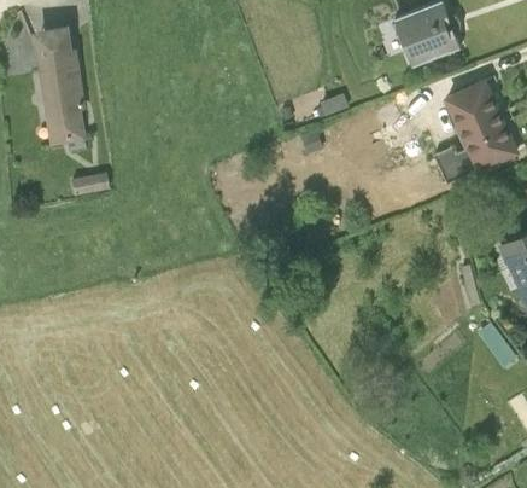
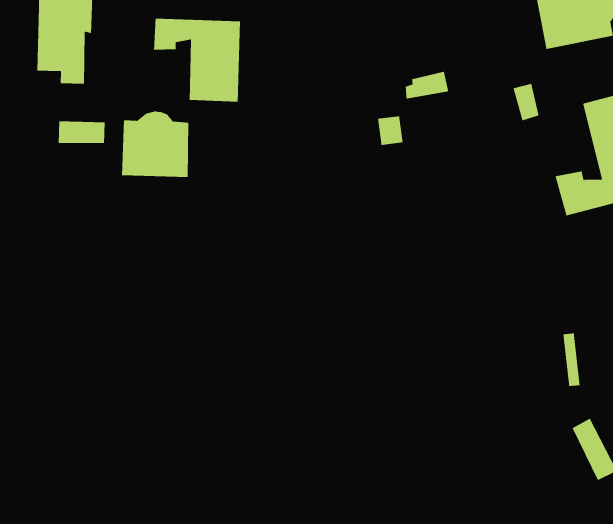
building: none -> [153,18,241,102]
building: none -> [121,111,189,178]

